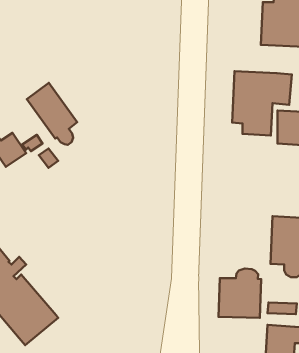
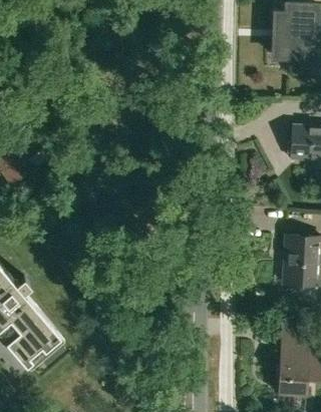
building: [232,71,292,136] -> none
building: [27,83,77,145] -> none
building: [218,269,261,318] -> none

